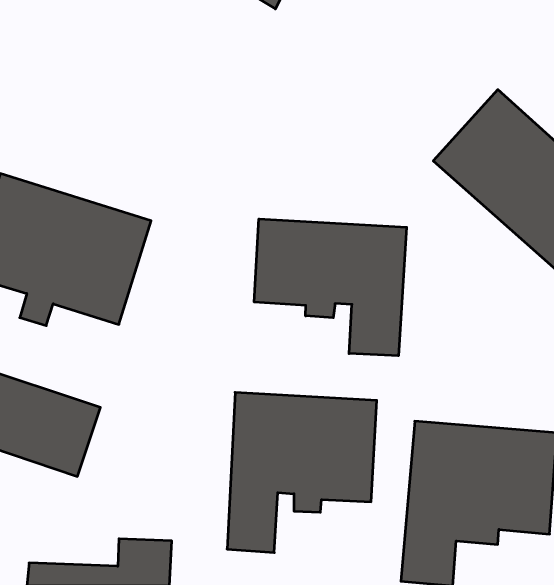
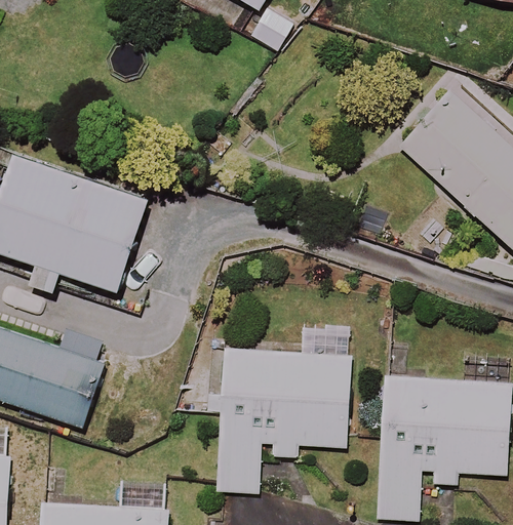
building: [254,219,407,356] -> none

